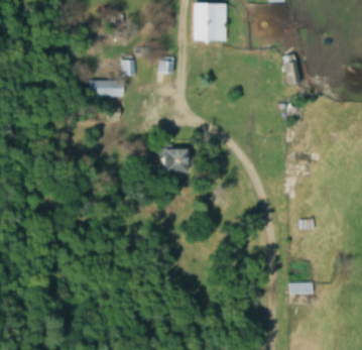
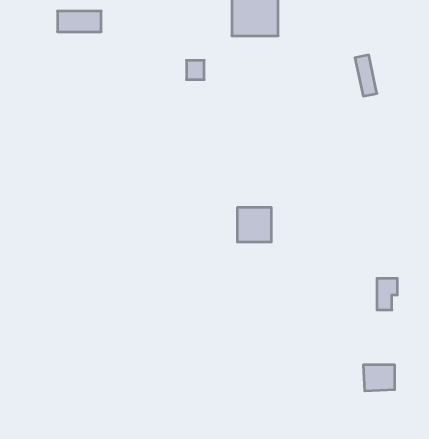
building: [90,80,122,95] -> [57,11,101,32]
building: [161,147,187,172] -> [237,208,271,242]

